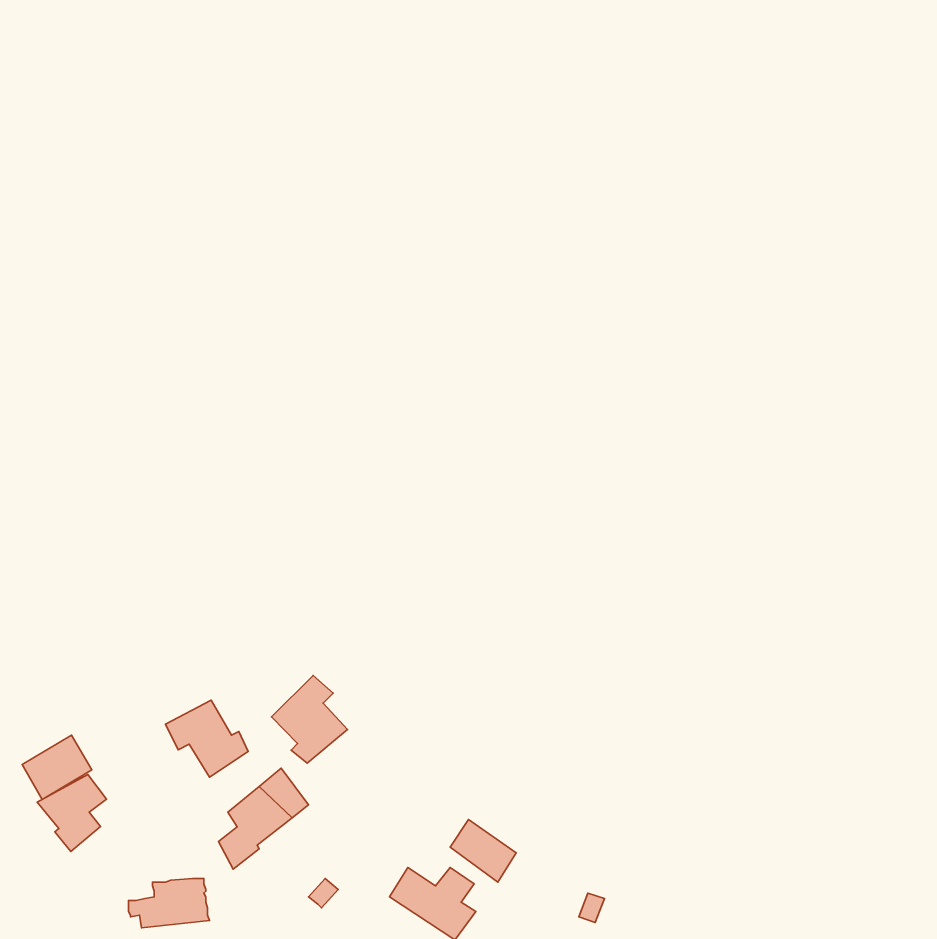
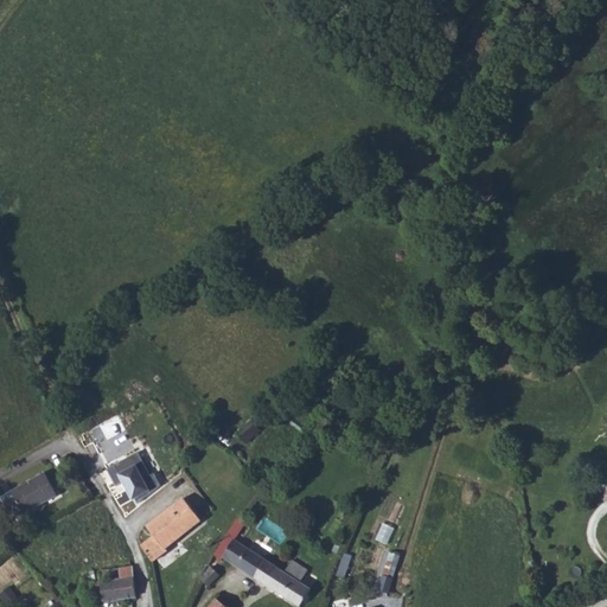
building: [272,675,348,763] -> none
building: [37,774,107,851] -> none
building: [450,820,516,882] -> [221,538,263,579]

